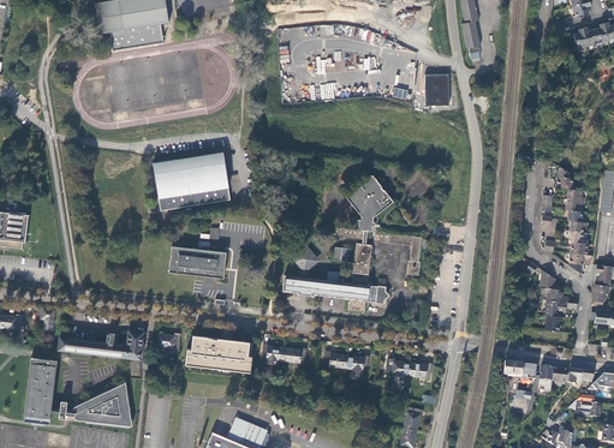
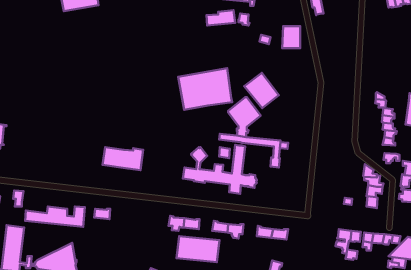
building: none -> [244,73,279,108]
building: [153,150,229,209] -> [178,68,232,110]
building: [189,336,250,374] -> [176,236,220,262]

